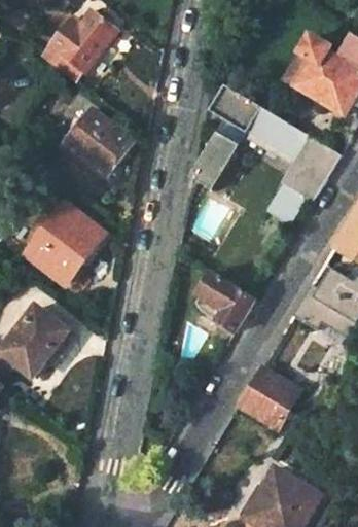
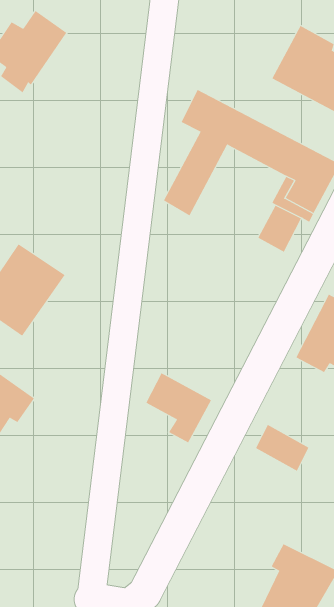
building: [63,108,130,174] -> none
building: [196,271,252,331] -> [146,372,212,443]
building: [241,388,287,429] -> none

